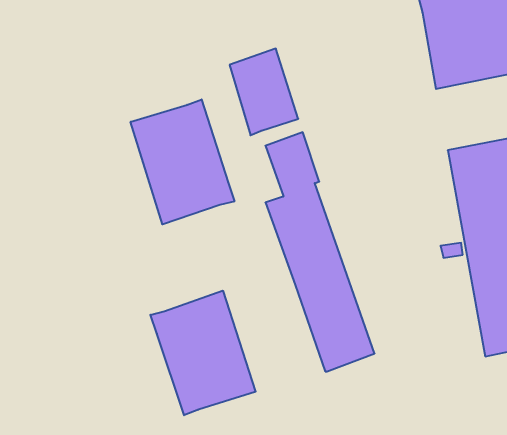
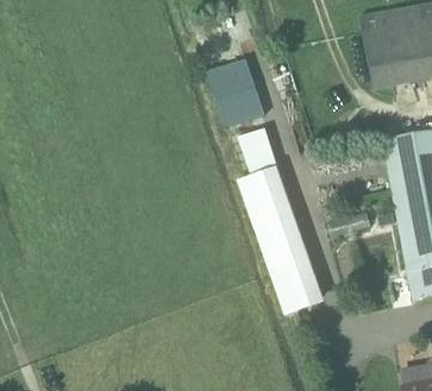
building: [131,99,234,224] -> none
building: [150,291,256,415] -> none

